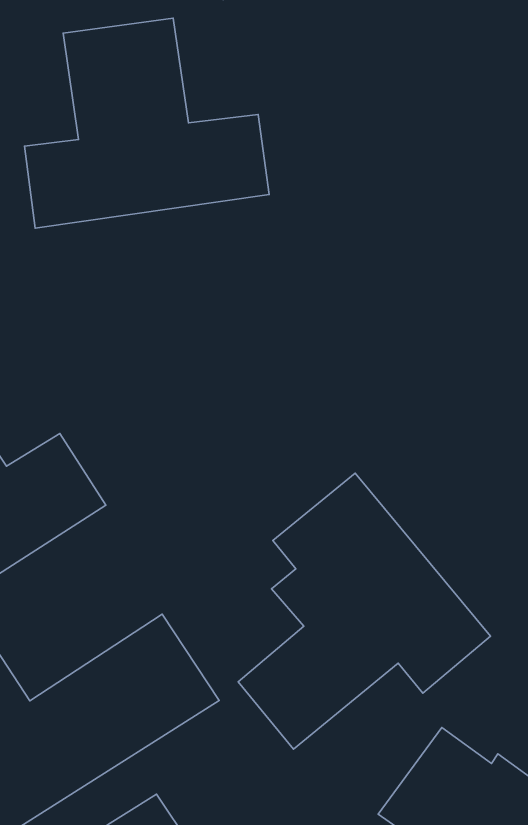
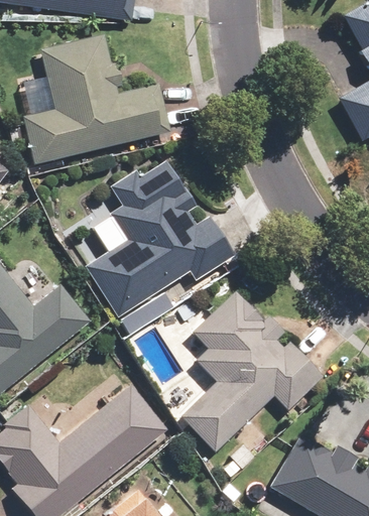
building: none -> [86,158,235,316]

